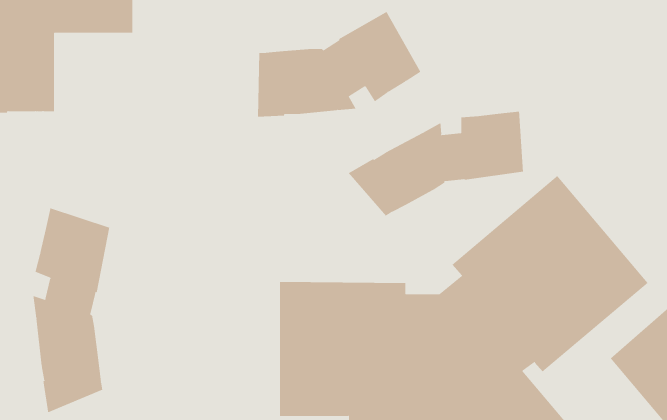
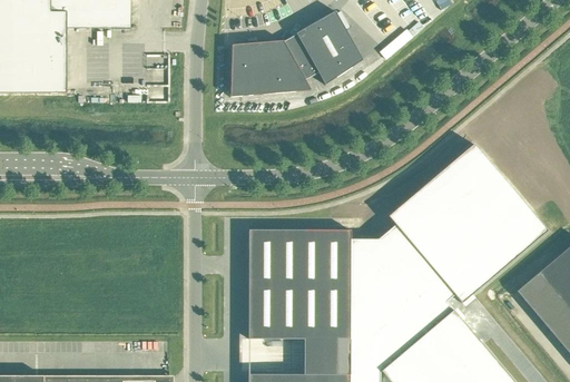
building: [348,111,523,217] -> none
building: [33,208,110,413] -> none

